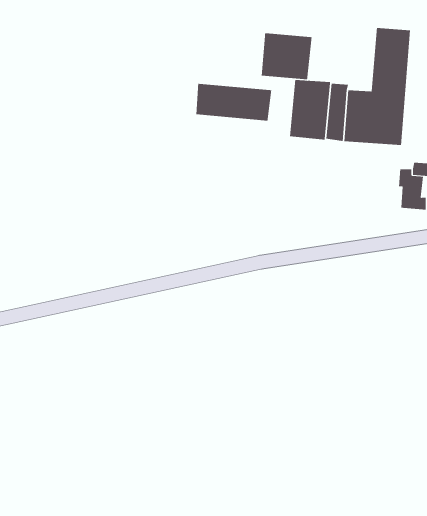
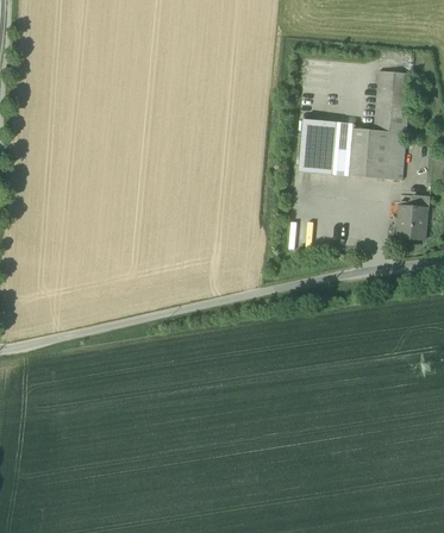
building: [261,32,312,80] -> none
building: [196,83,272,121] -> none

